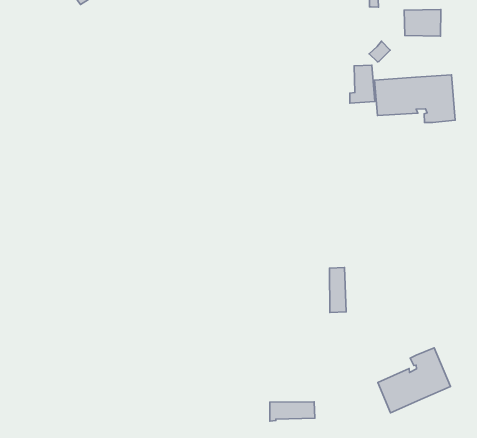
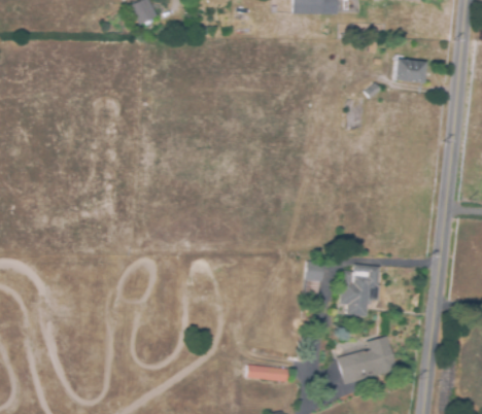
building: [374,75,455,122] -> none
building: none -> [342,264,381,316]

